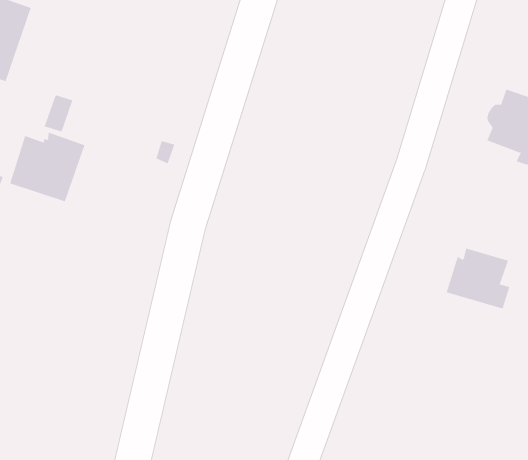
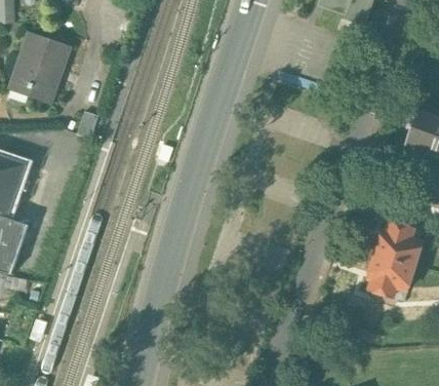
building: [10,132,85,202] -> none
building: none -> [362,256,413,300]

